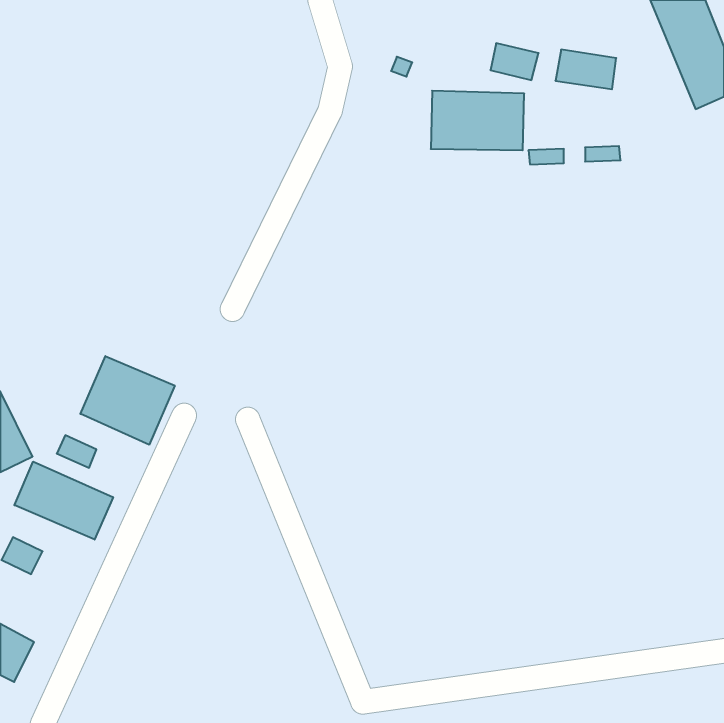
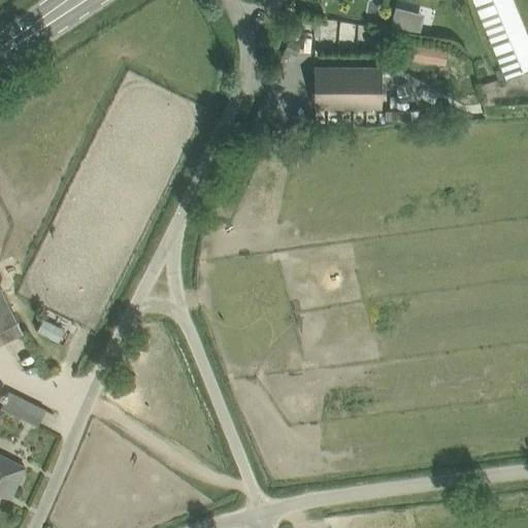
building: [490,43,539,80] -> [390,10,425,37]
building: [80,356,175,445] -> none
building: [14,462,113,540] -> none

